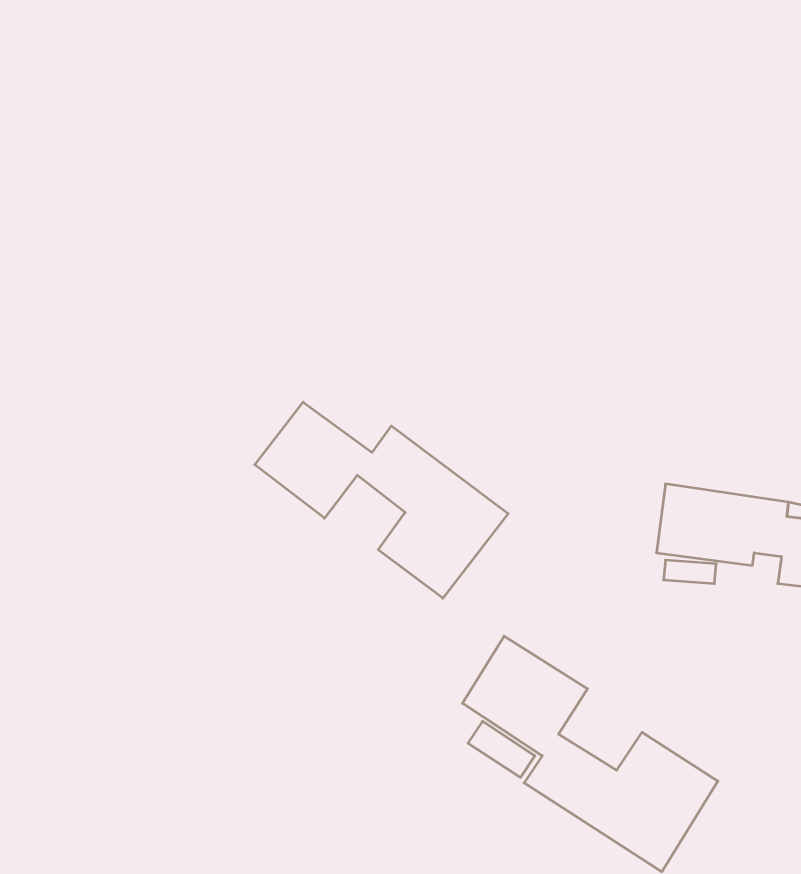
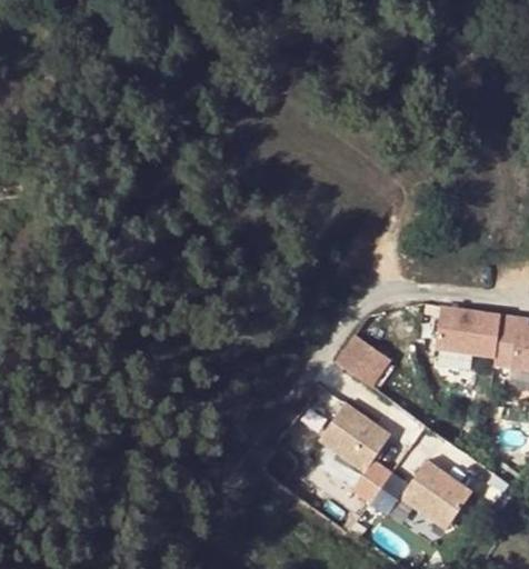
building: [255,402,508,598] -> none
building: none -> [333,333,395,391]

